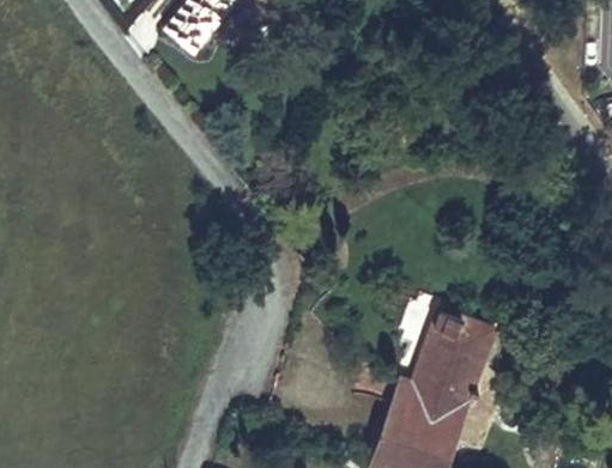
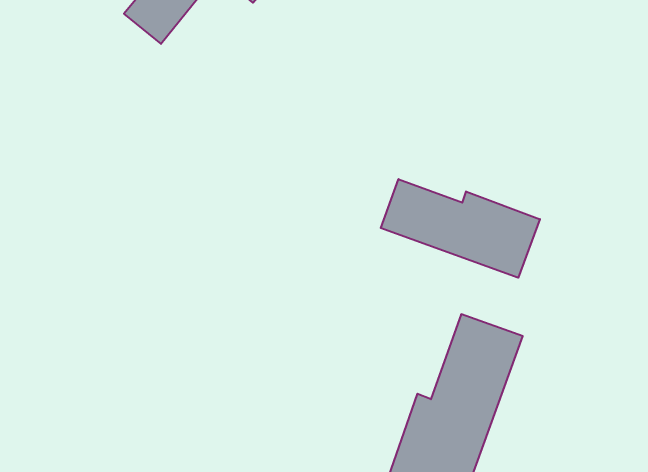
building: none -> [381,179,540,278]

